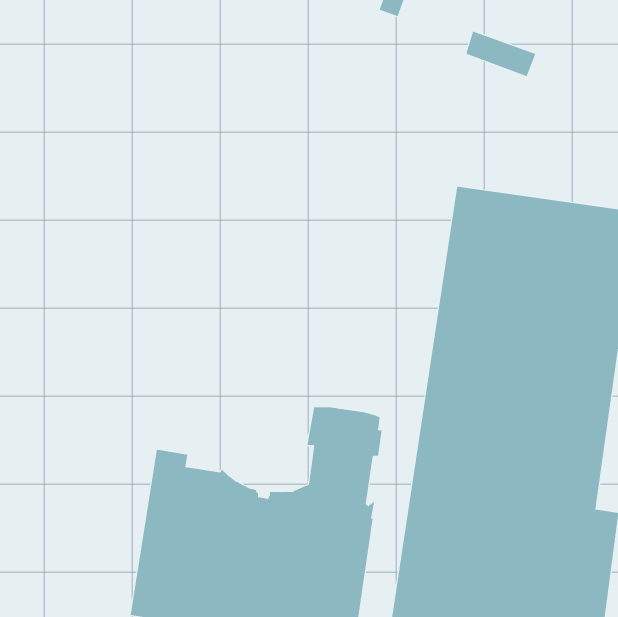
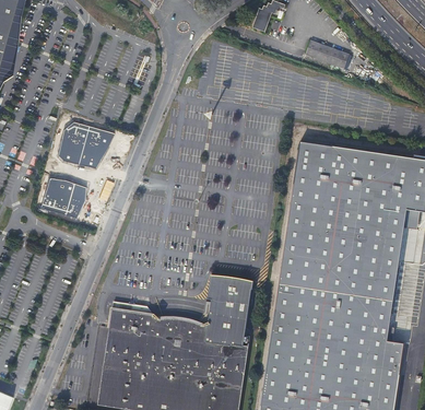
building: none -> [58,122,115,169]
building: none -> [42,180,86,220]

